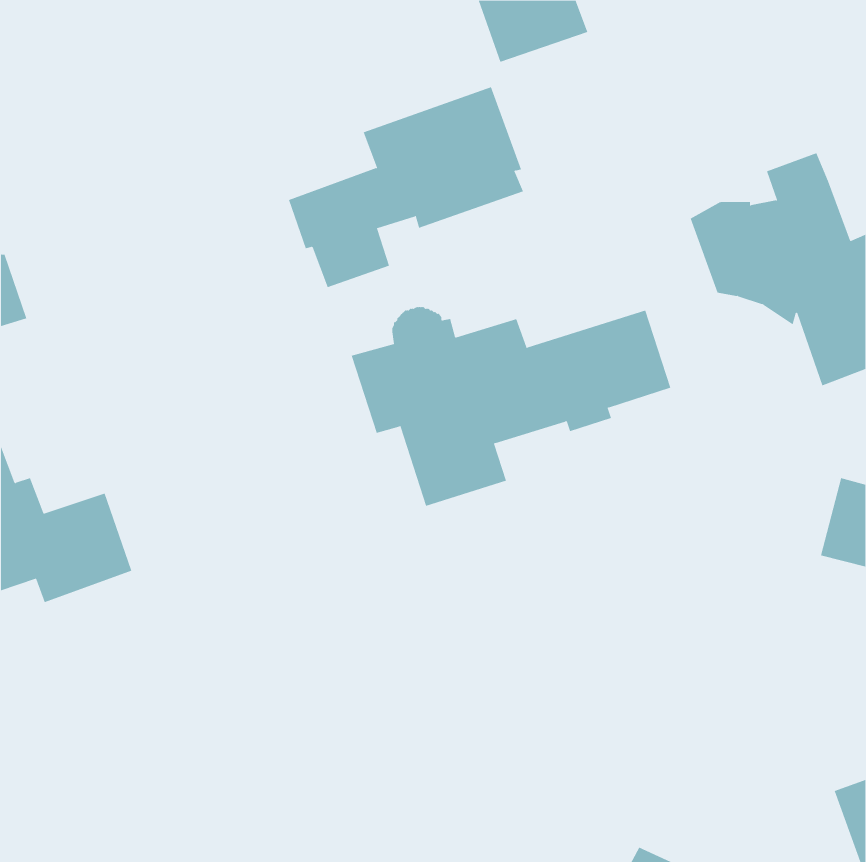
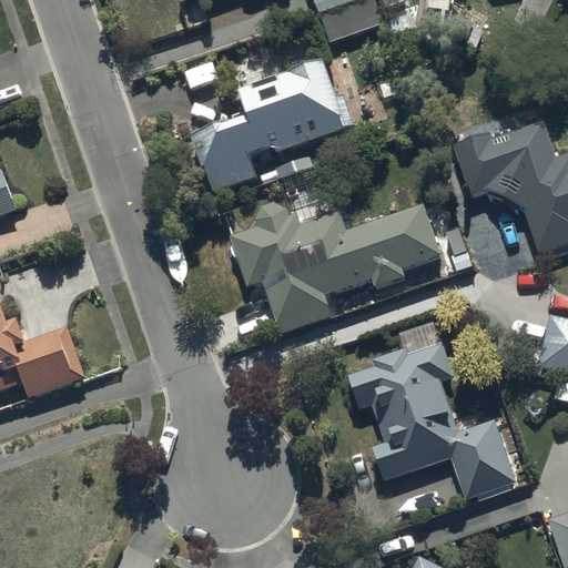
building: none -> [347,323,515,500]

